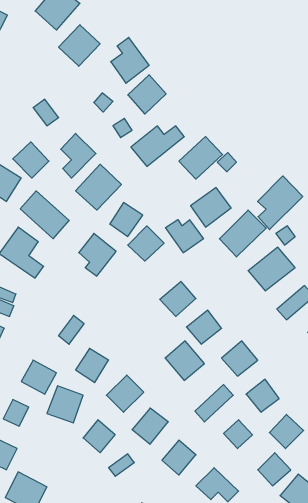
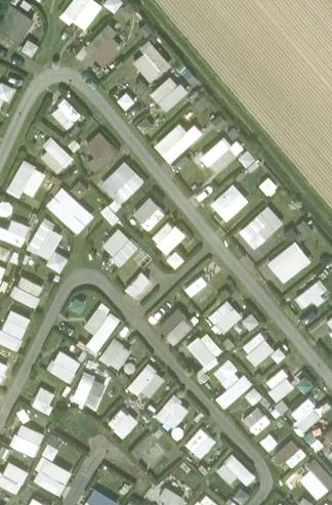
building: [258,176,303,230] -> none
building: [166,220,203,253] -> none
building: none -> [157,309,192,345]

